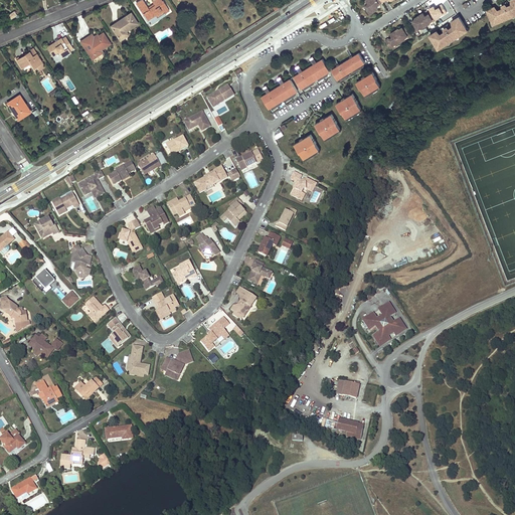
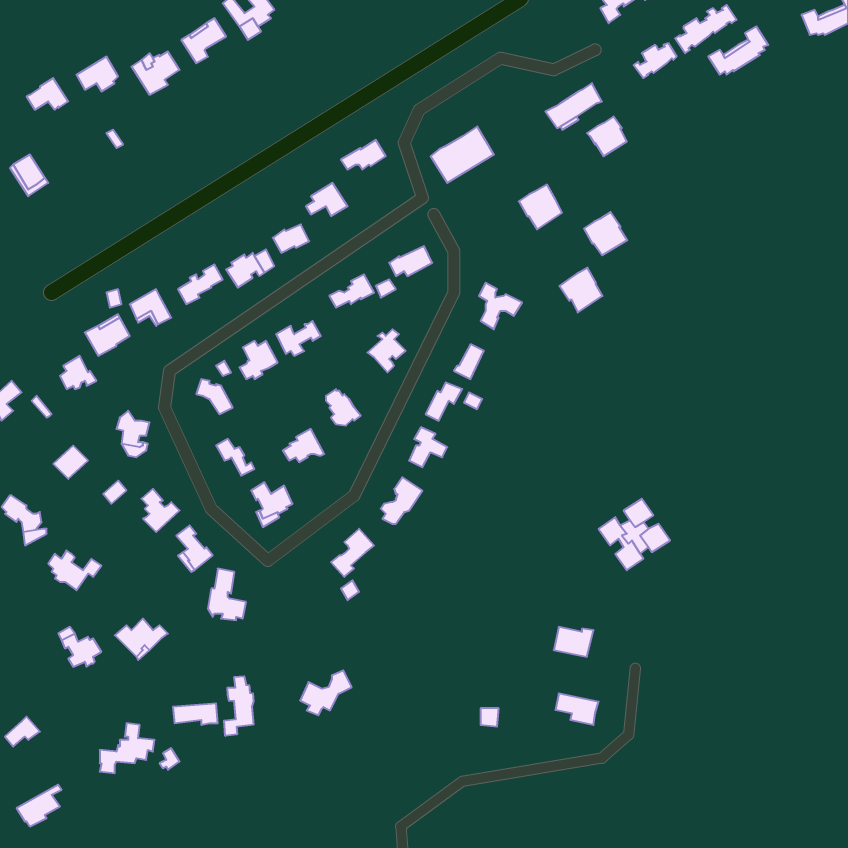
building: [293,56,332,91] -> none
building: [335,92,361,118] -> [584,212,627,255]
building: [293,132,319,159] -> [559,268,603,313]
building: [161,350,192,377] -> [300,670,352,715]
building: none -> [224,676,254,736]

